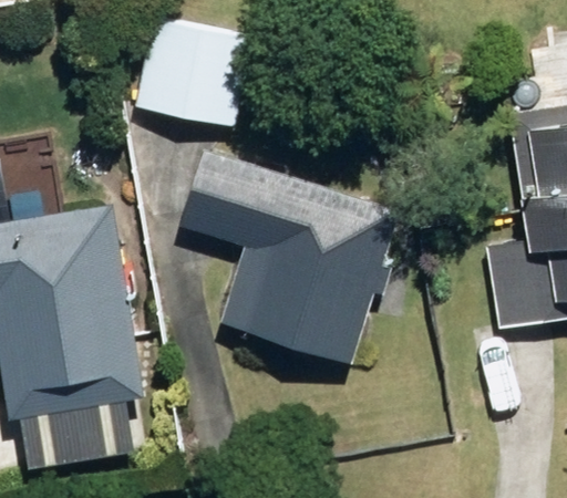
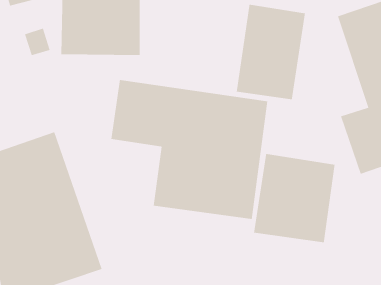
building: none -> [236,4,305,100]
building: none -> [254,153,335,243]

